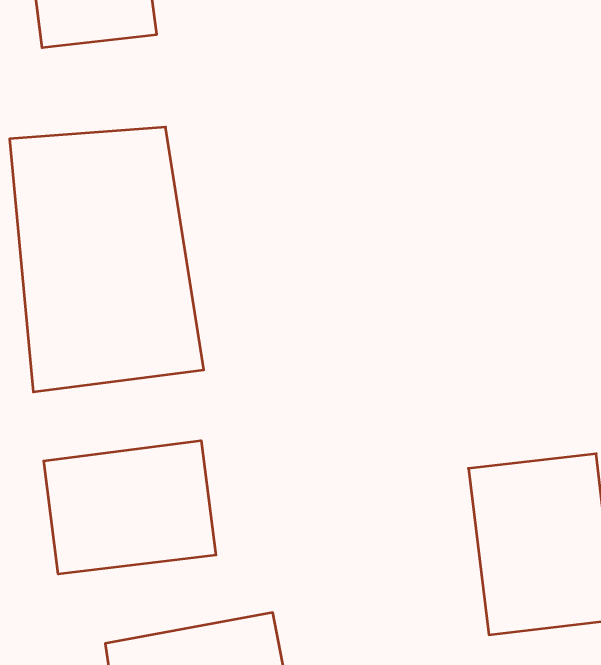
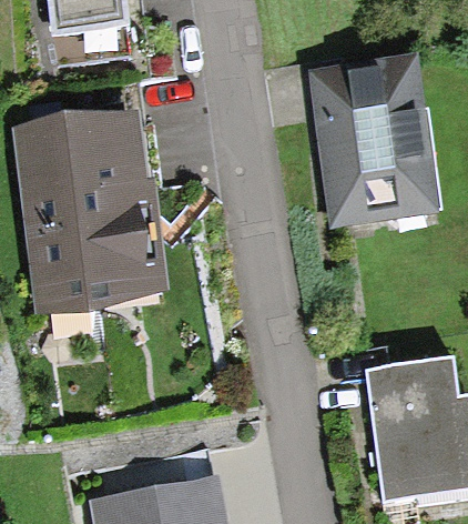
building: none -> [308,53,441,228]
building: [44,441,216,574] -> none

